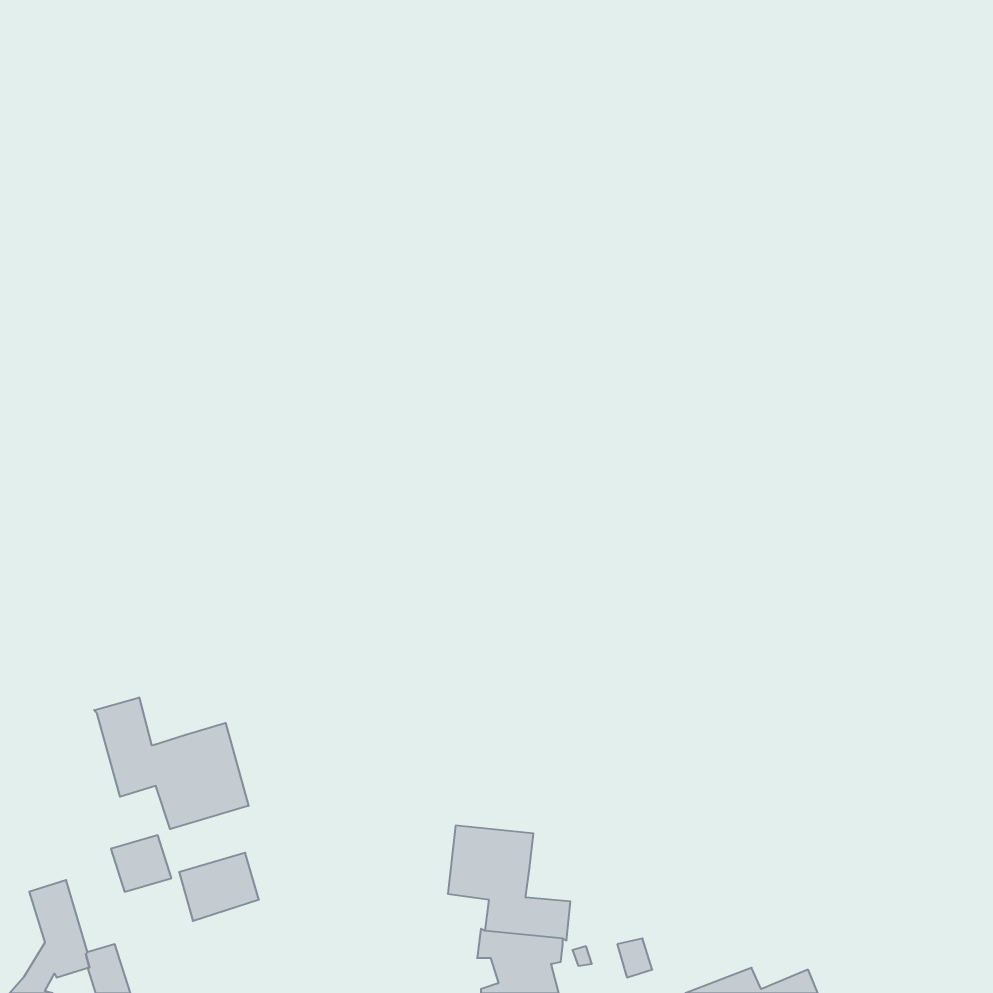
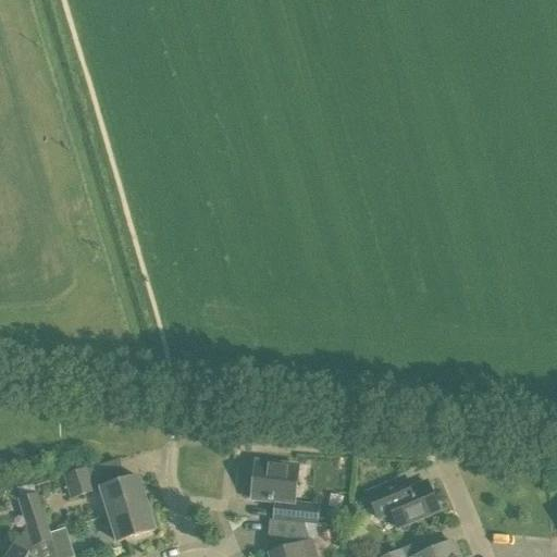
building: [94,697,249,829] -> none
building: none -> [363,478,437,527]
building: none -> [108,503,153,541]

